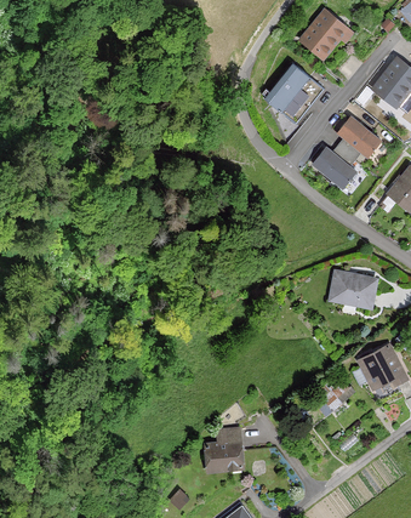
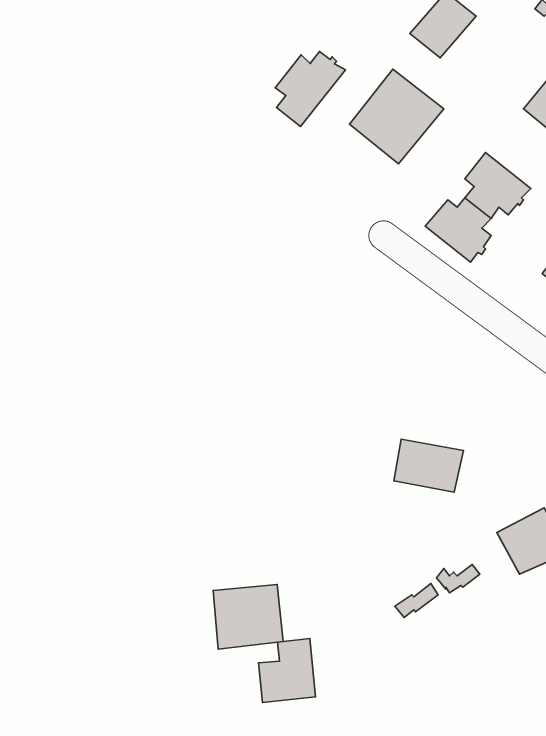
building: none -> [275,52,345,127]
building: [331,272,376,306] -> [394,439,464,492]
building: none -> [213,584,283,649]

